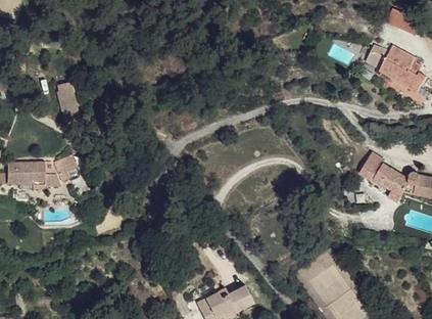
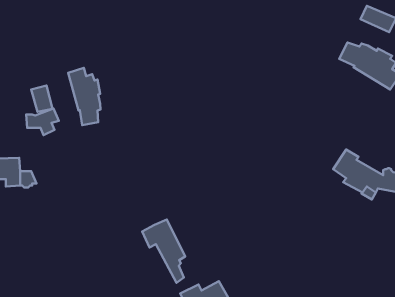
building: none -> [68,68,101,125]
building: [45,155,78,182] -> [26,108,59,135]
building: none -> [142,220,185,283]

